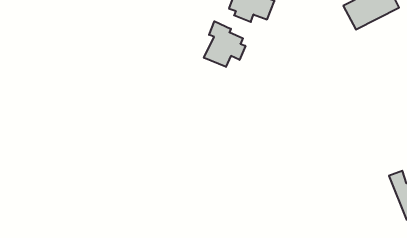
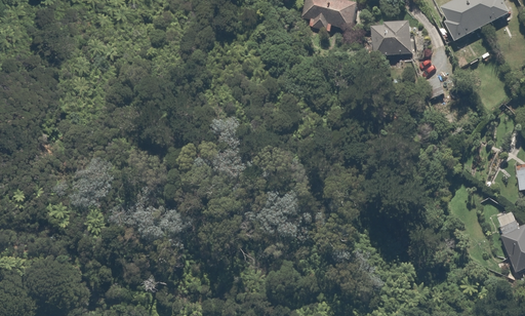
building: none -> [372,26,416,54]
building: [204,21,245,67] -> none

